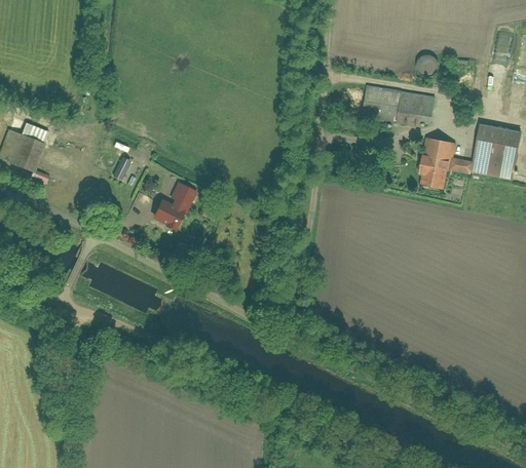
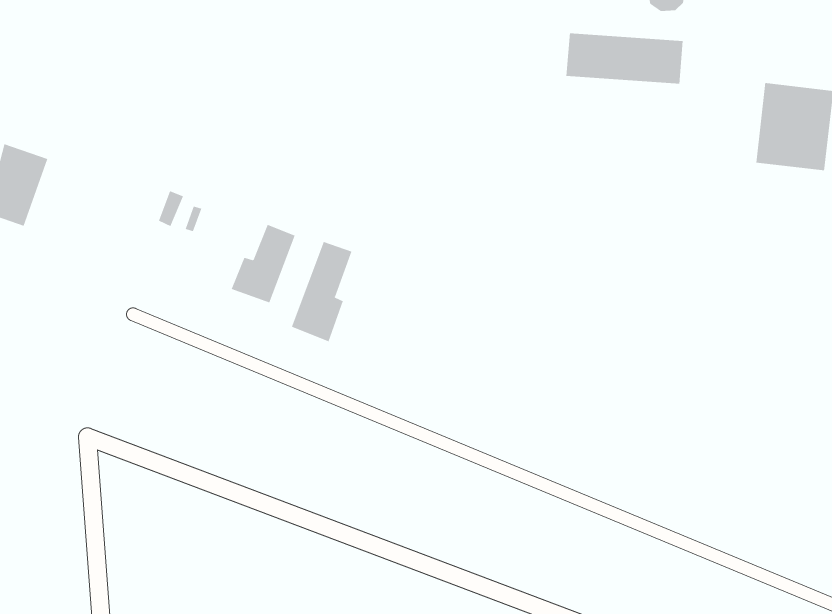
building: [420,139,454,188] -> none
building: none -> [291,241,352,342]

